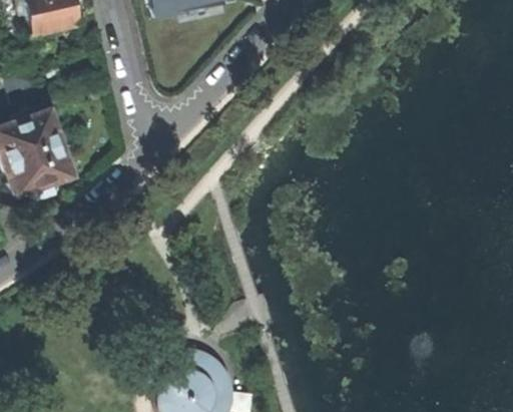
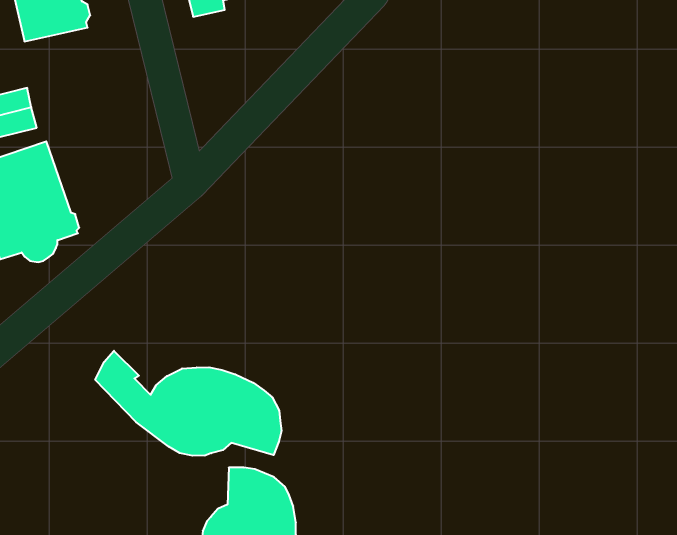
building: none -> [95,351,281,456]

